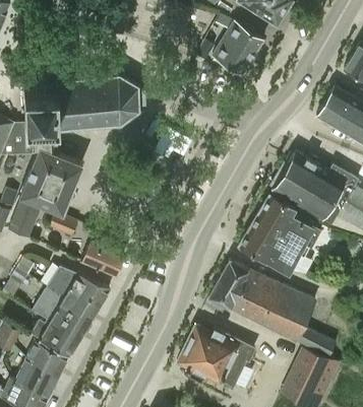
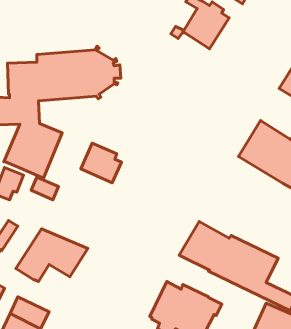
building: [239,195,321,270] -> none
building: [81,234,125,277] -> [81,143,122,183]
building: [31,307,93,357] -> none

